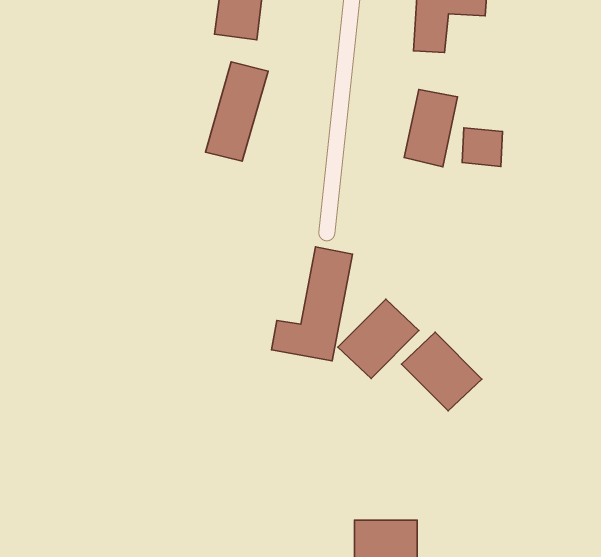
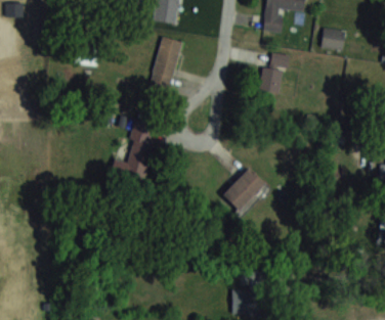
building: [462,128,503,166] -> [323,28,345,49]
building: [271,247,352,361] -> [112,119,157,182]
building: [401,332,482,411] -> none

